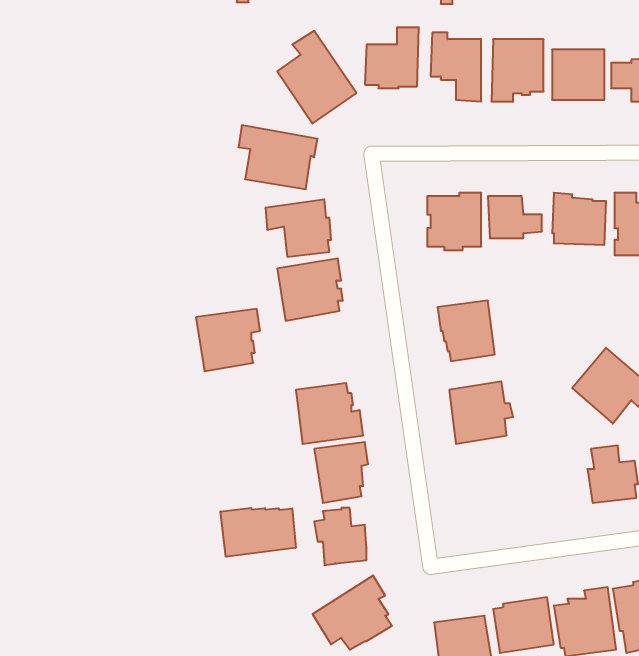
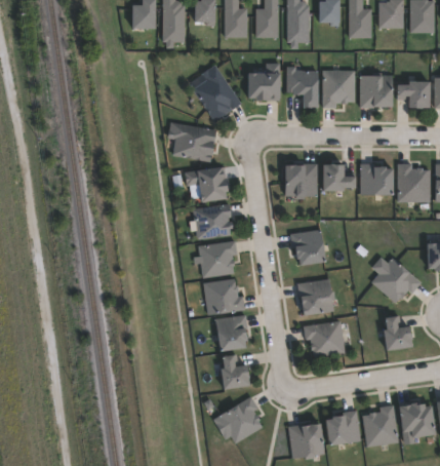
building: [196,309,260,371] -> [198,240,237,278]
building: none -> [304,321,345,358]
building: [220,508,296,557] -> none

